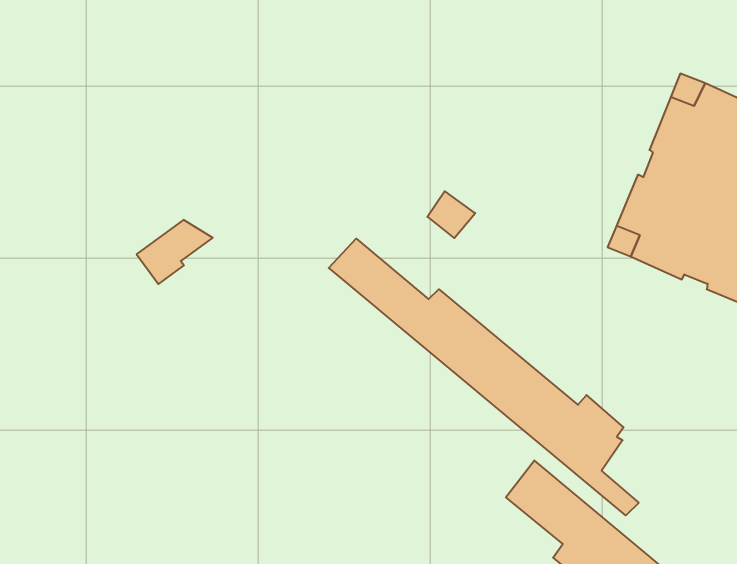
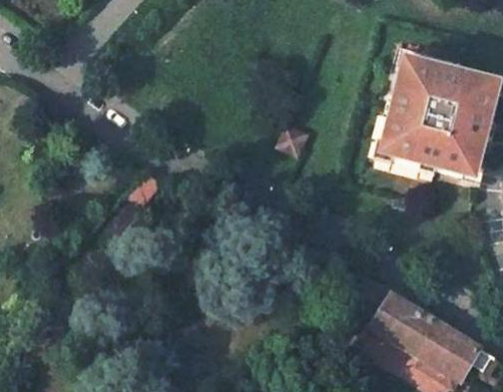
building: [329,239,639,515] -> none

